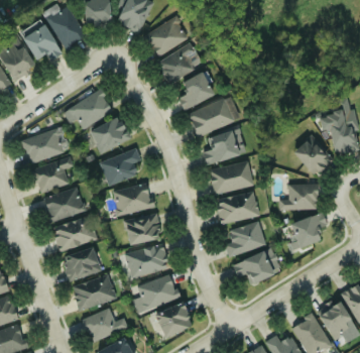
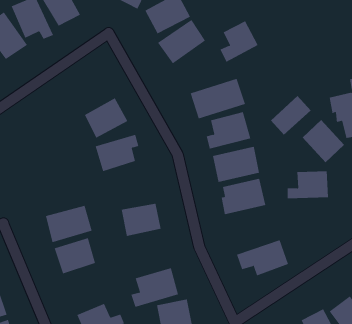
building: [177,72,214,111] -> [220,20,258,62]
building: [65,90,113,131] -> none
building: none -> [270,95,312,136]
building: [22,127,69,164] -> none
building: [33,157,73,193] -> none
building: [111,184,152,218] -> none
building: [43,188,86,224] -> none
building: [290,214,327,250] -> none
building: [224,222,265,258] -> none
building: [124,243,169,279] -> none
building: [71,274,115,312] -> none

